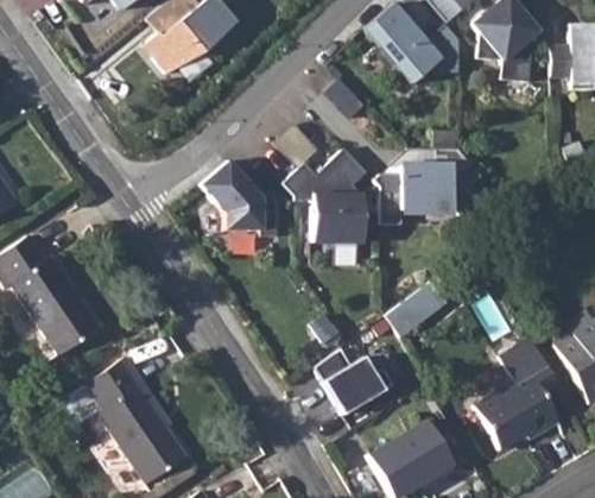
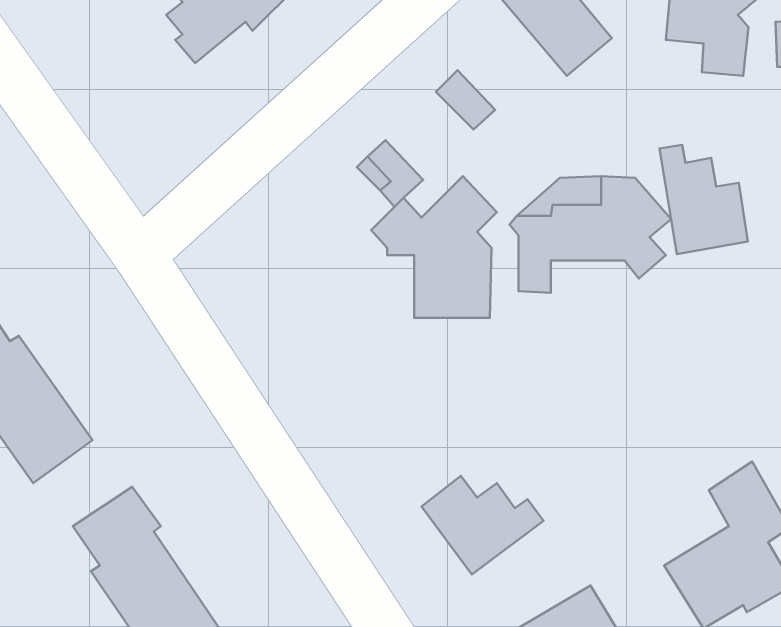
building: none -> [660,145,748,254]
building: [200,163,276,239] -> none
building: [388,273,460,338] -> none

